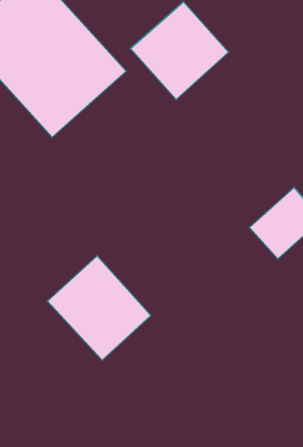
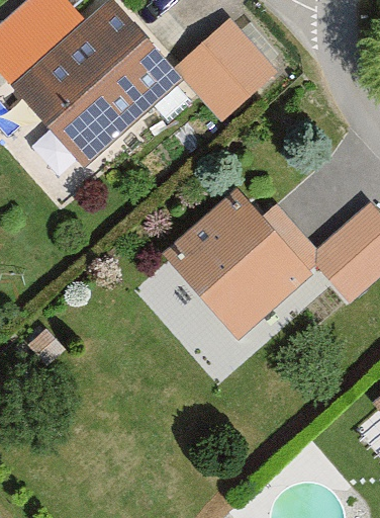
building: none -> [170,201,310,341]
building: [48,256,151,360] -> none

